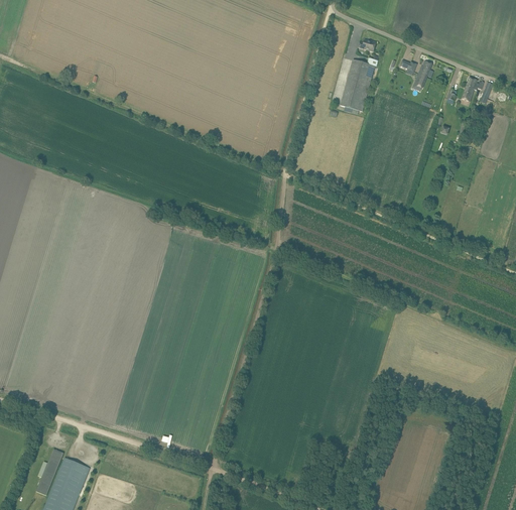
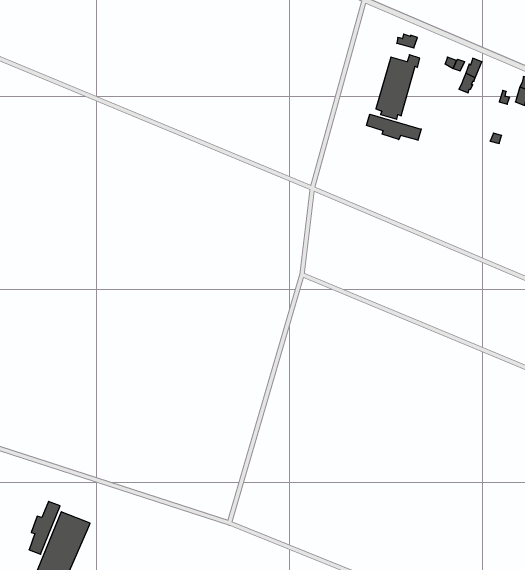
building: none -> [367,114,421,140]

